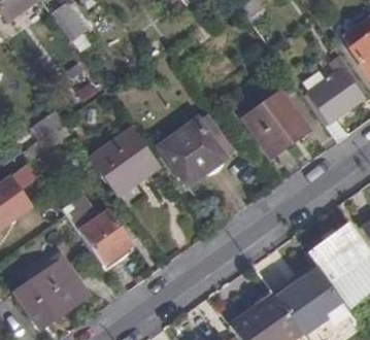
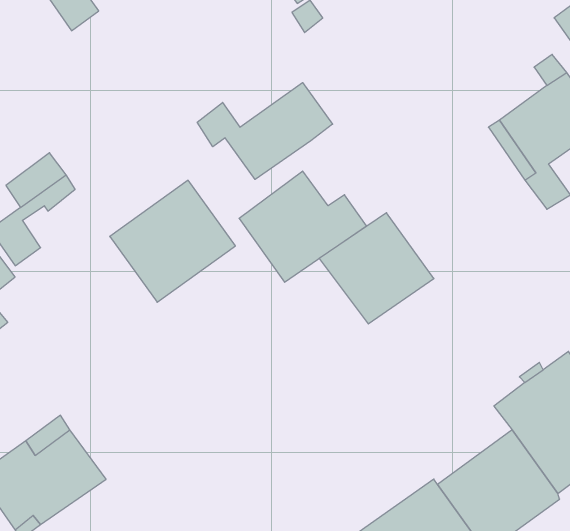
building: none -> [197,83,333,179]
building: [243,93,308,156] -> [319,213,434,324]
building: [63,199,130,266] -> none

